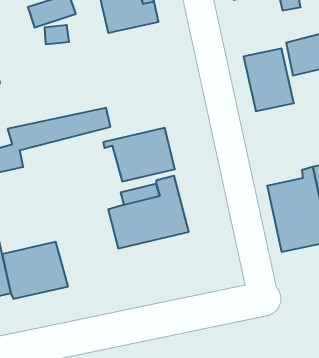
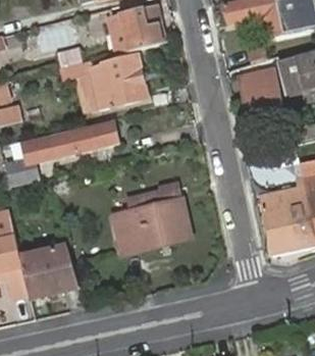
building: [103,128,175,181] -> [81,55,146,104]

